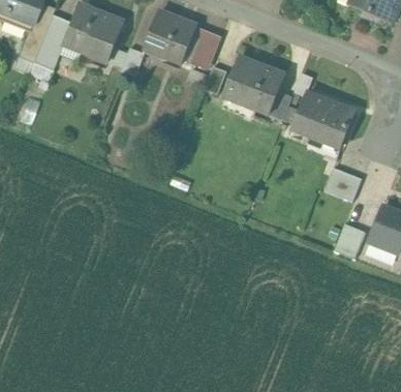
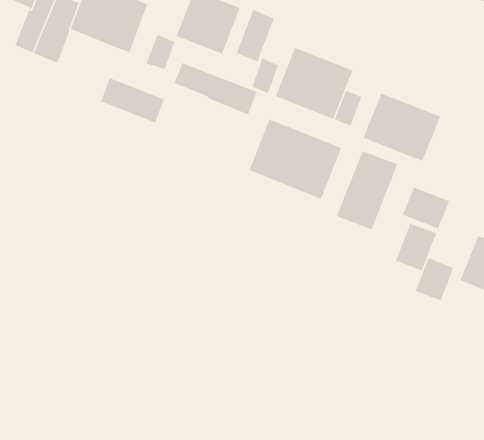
building: none -> [174,62,257,115]
building: none -> [100,77,165,124]
building: none -> [248,118,342,200]
building: none -> [336,150,398,230]
building: none -> [395,223,437,271]

